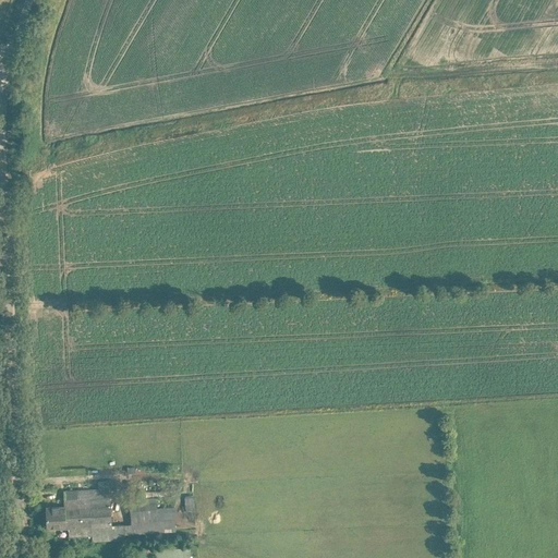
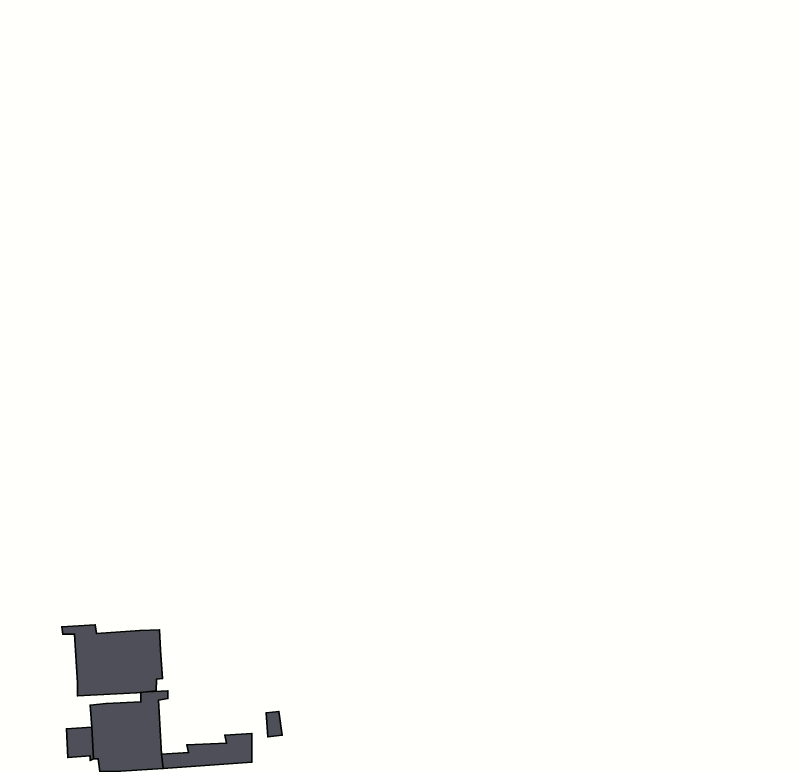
building: none -> [62,625,163,696]

